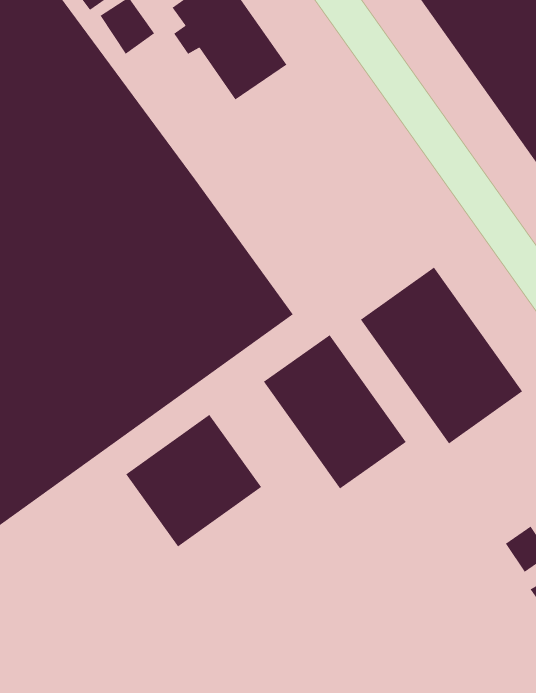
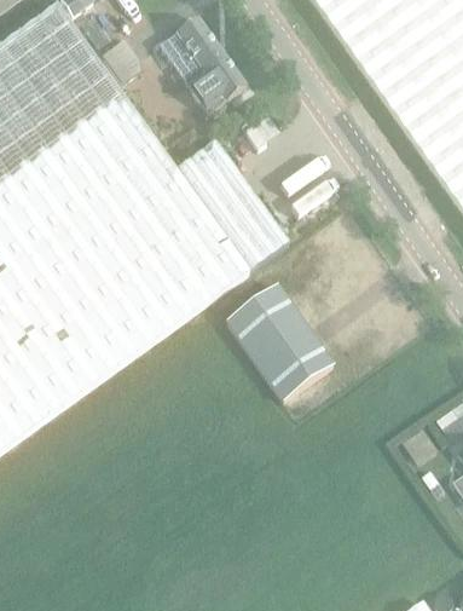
building: none -> [178,143,290,271]
building: [360,267,523,445] -> none
building: [125,414,262,547] -> none

